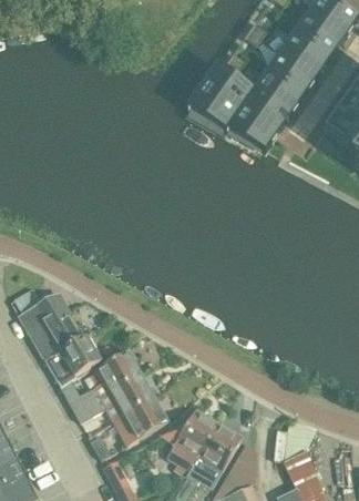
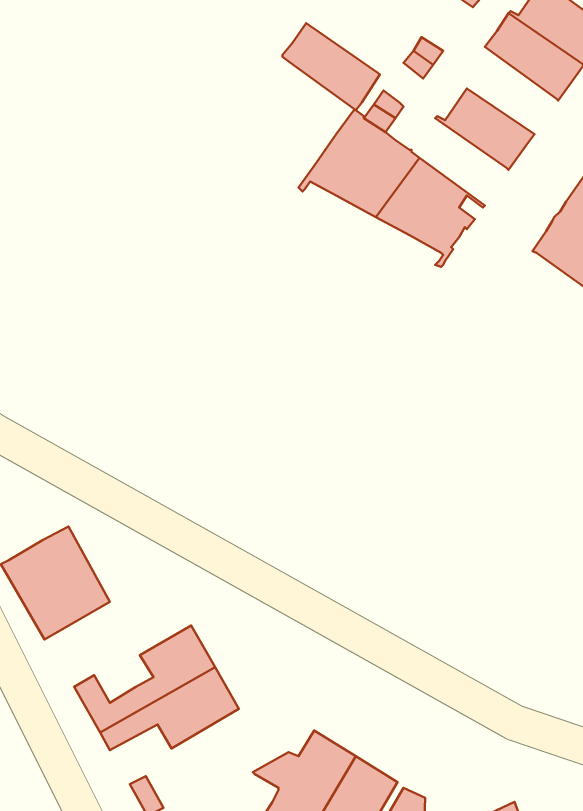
building: [279,28,330,76] -> none
building: [248,68,302,116] -> [283,23,380,110]
building: [43,336,99,386] -> none
building: [114,398,165,444] -> none

